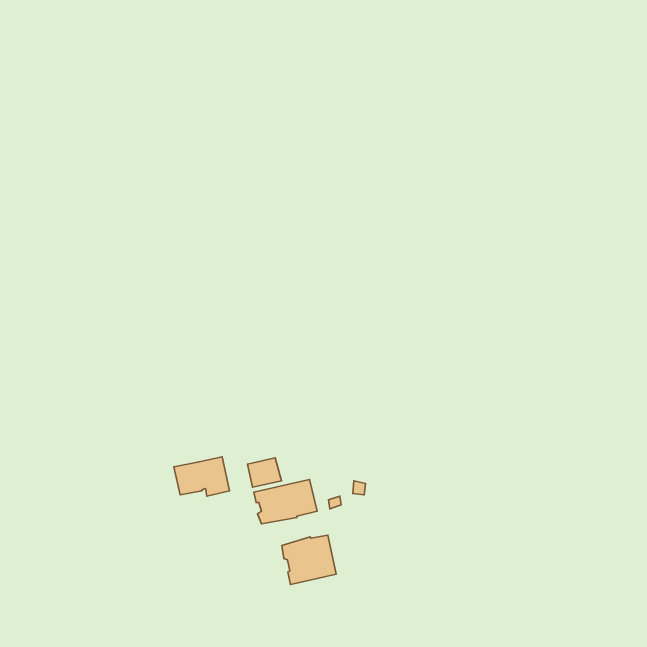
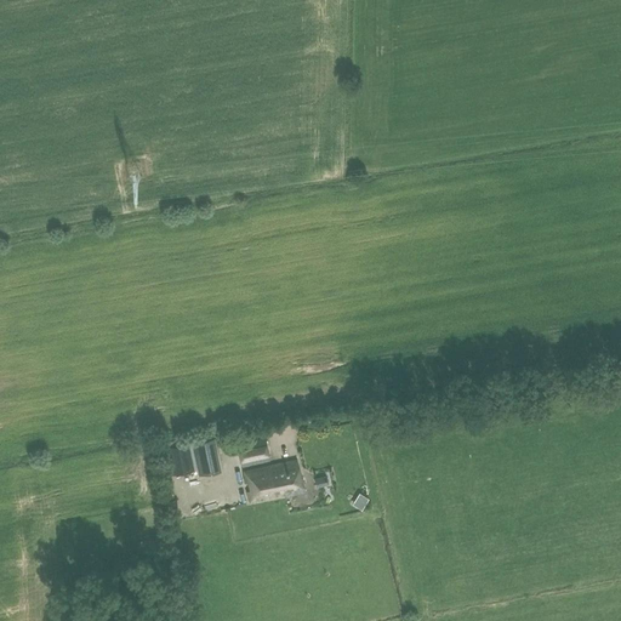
building: [282,535,336,585] -> none

